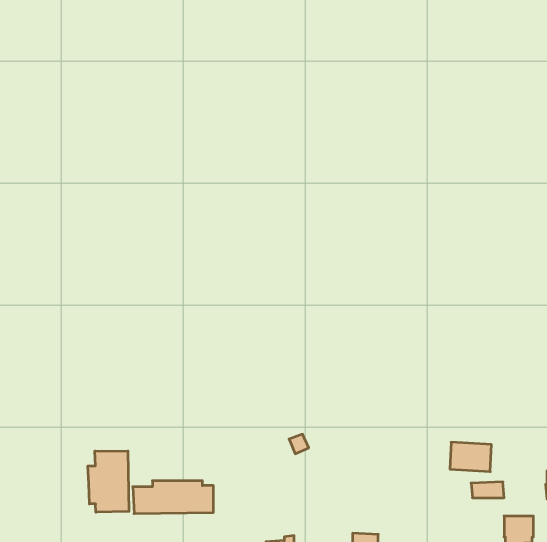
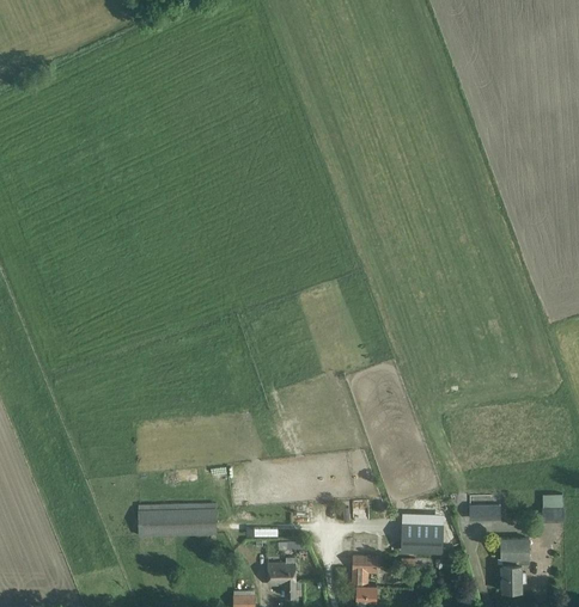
building: [450,442,491,472] -> [402,523,443,552]
building: [88,451,129,512] -> none

